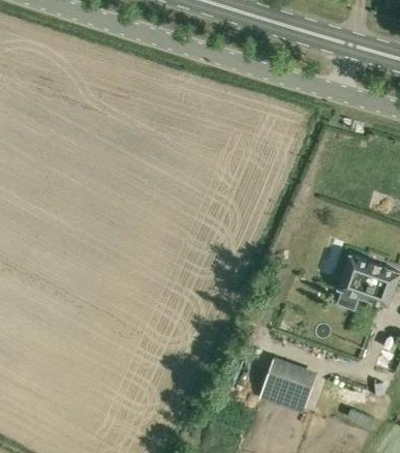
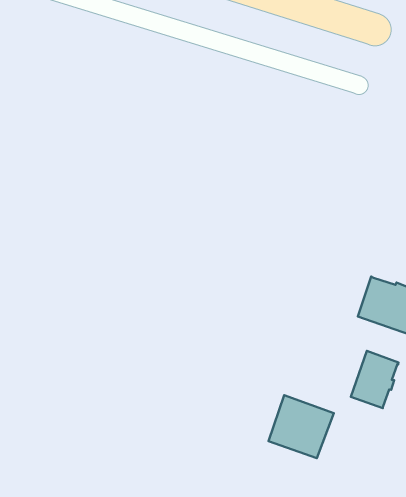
building: none -> [351,351,399,408]

